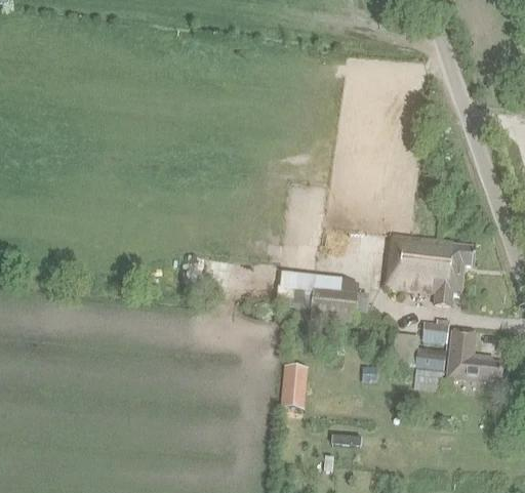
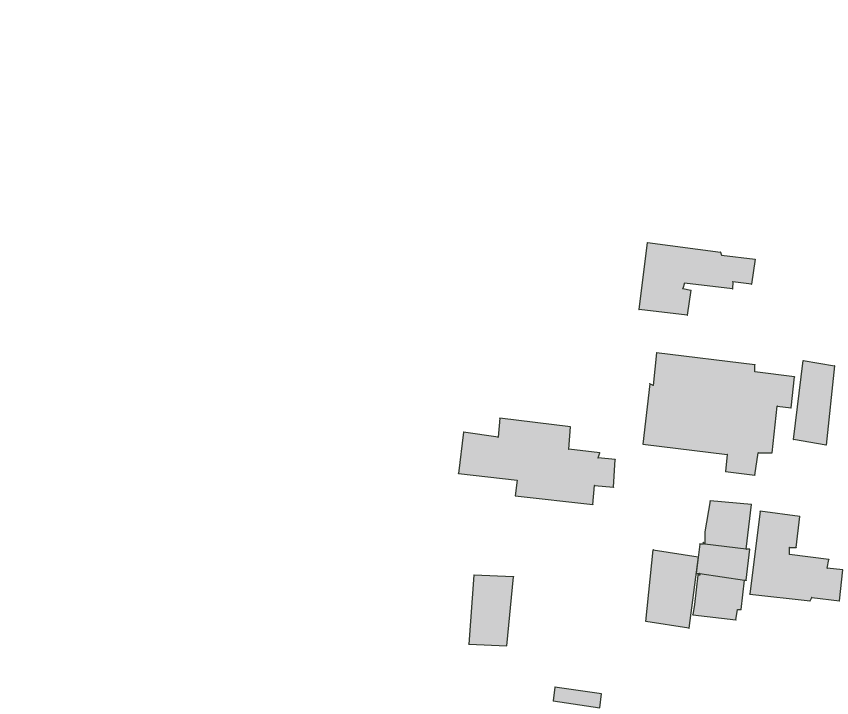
building: none -> [639,243,755,315]
building: none -> [794,361,834,445]
building: none -> [646,550,698,628]

